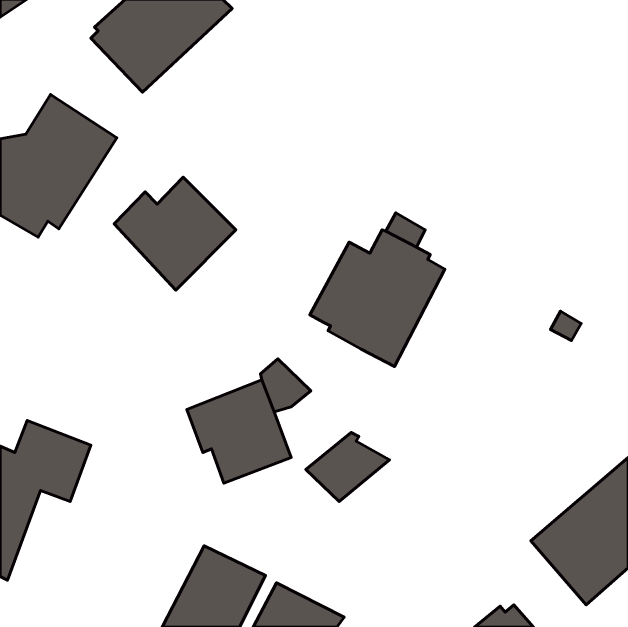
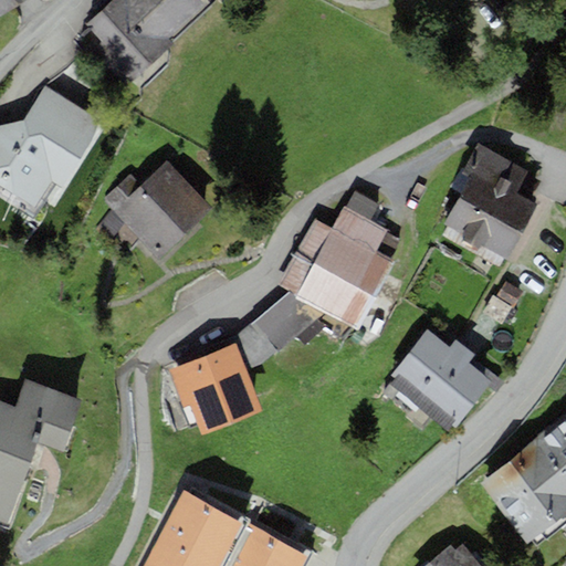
building: none -> [443,143,536,258]
building: none -> [390,331,492,431]
building: [306,433,389,501] -> [250,290,325,352]

